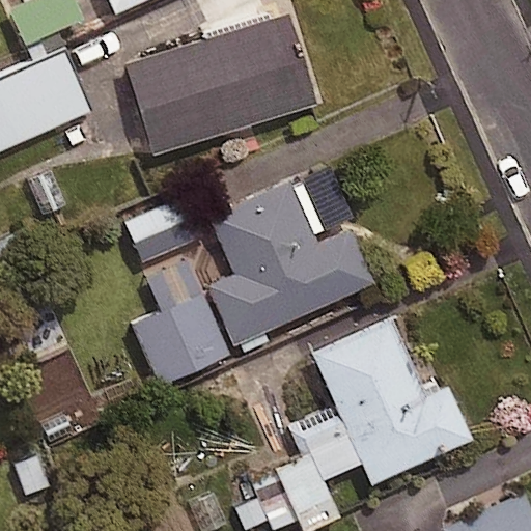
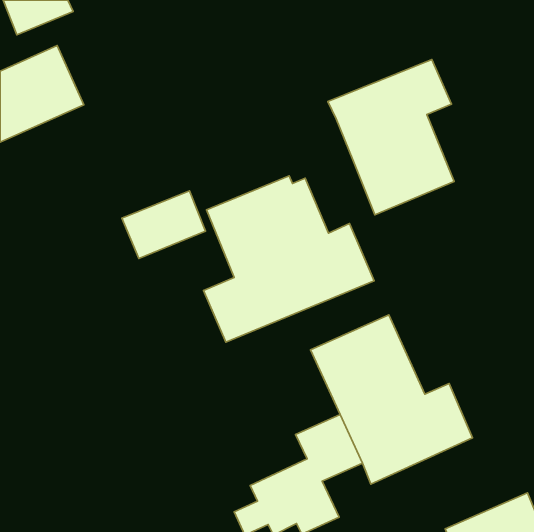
building: [128,16,315,153] -> none
building: none -> [328,59,454,215]
building: [134,257,231,384] -> none

